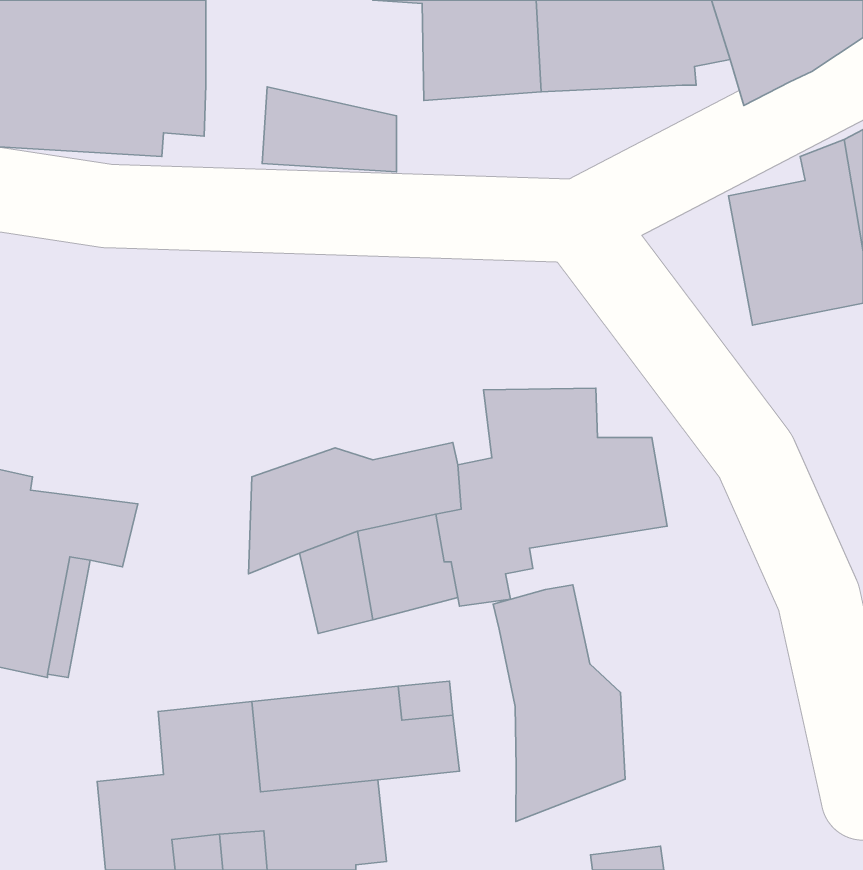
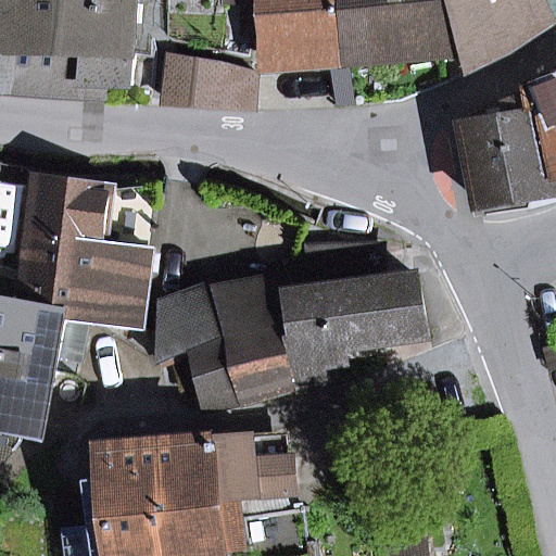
building: none -> [20,177,150,328]
building: [493,585,625,822] -> none

